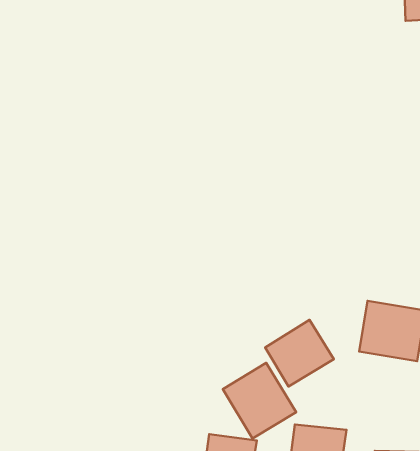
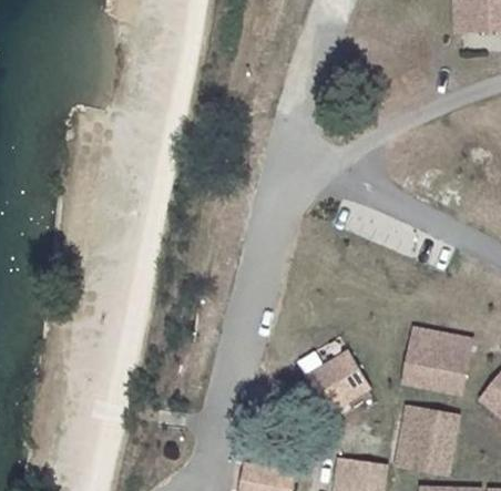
building: [223,363,296,438] -> none
building: none -> [398,406,462,475]

